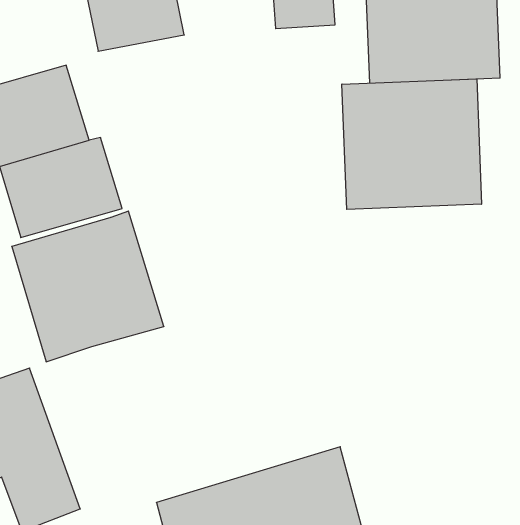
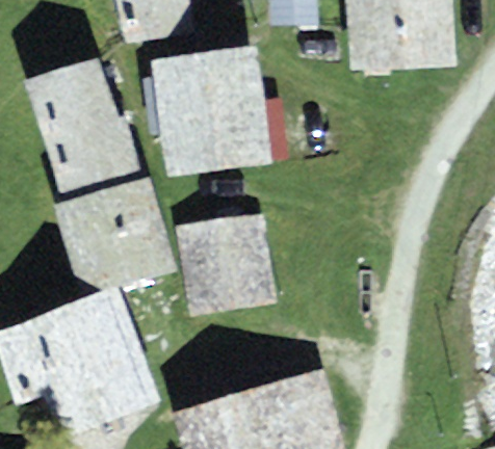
building: none -> [152,46,271,175]
building: [342,79,481,209] -> none
building: none -> [177,211,276,314]
building: none -> [68,286,160,419]

